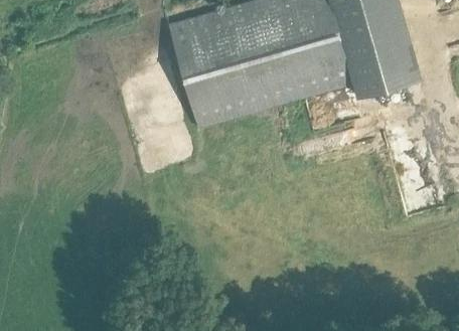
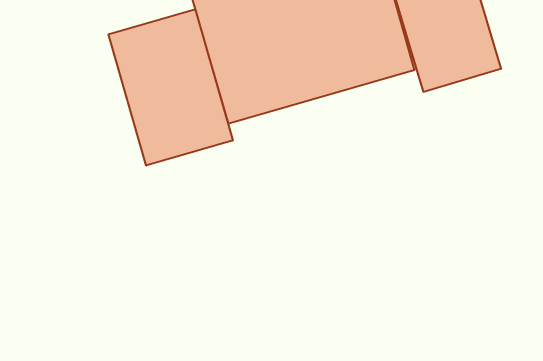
building: none -> [108,9,233,166]

